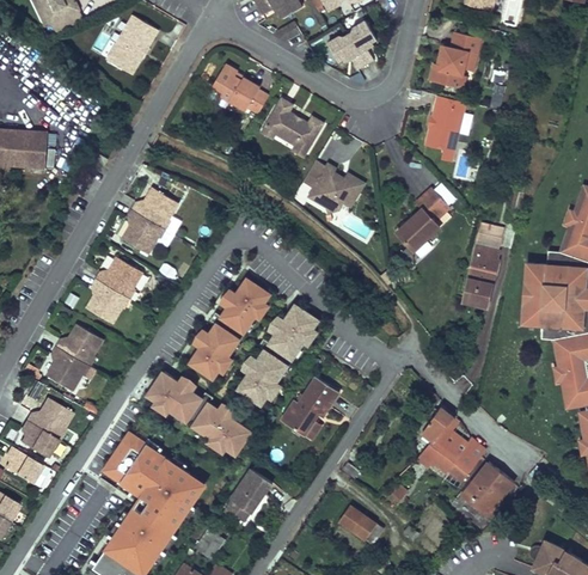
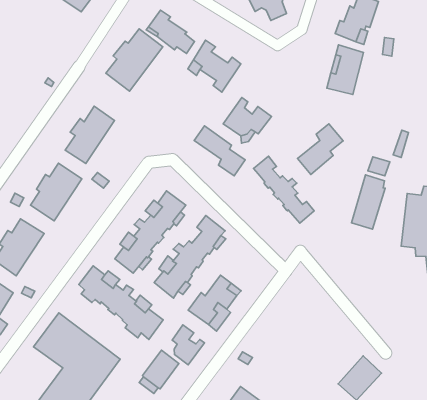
building: none -> [106,29,163,91]
building: none -> [194,126,245,176]
building: none -> [253,156,314,223]
building: [409,408,485,482] -> none
building: none -> [172,325,205,365]

